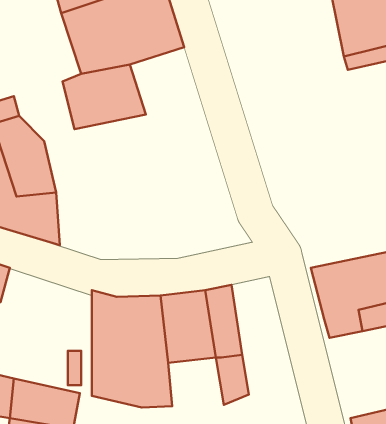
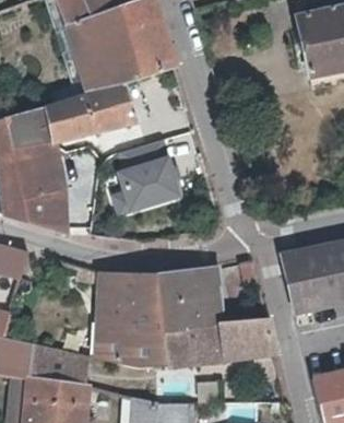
building: none -> [34,97,84,146]
building: none -> [120,136,180,207]
building: none -> [223,319,274,359]
building: none -> [162,326,207,366]

